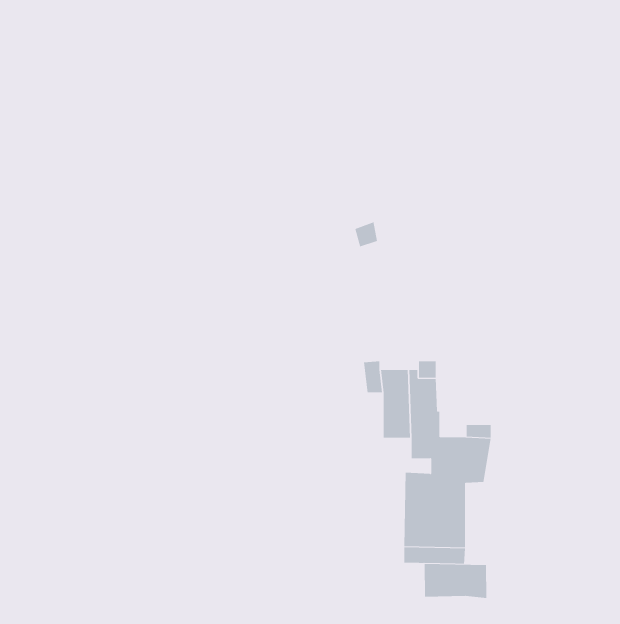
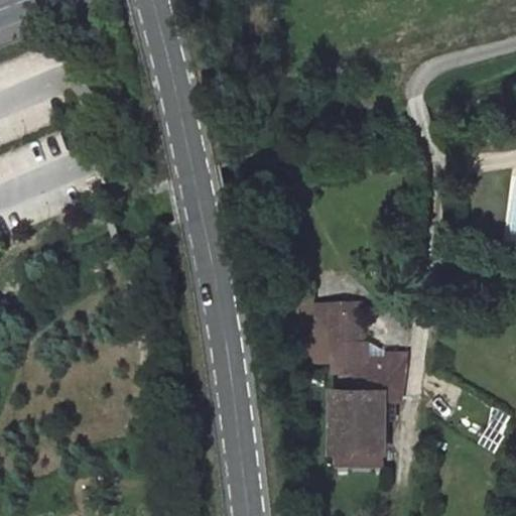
building: [424,563,487,599] -> none

